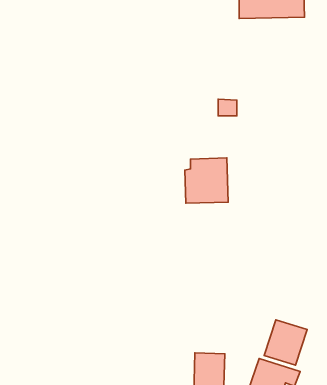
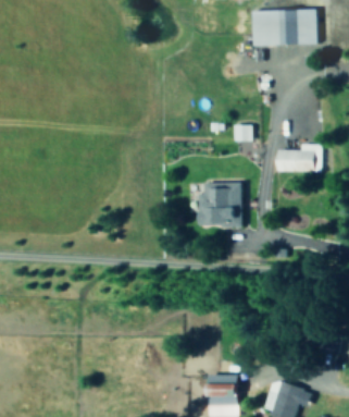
building: none -> [275,145,320,172]
building: [264,320,307,365] -> none

